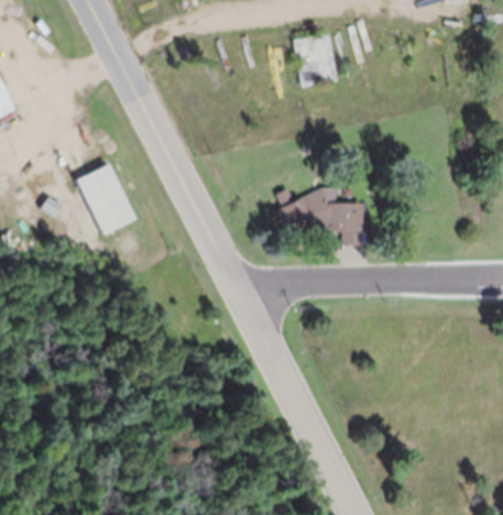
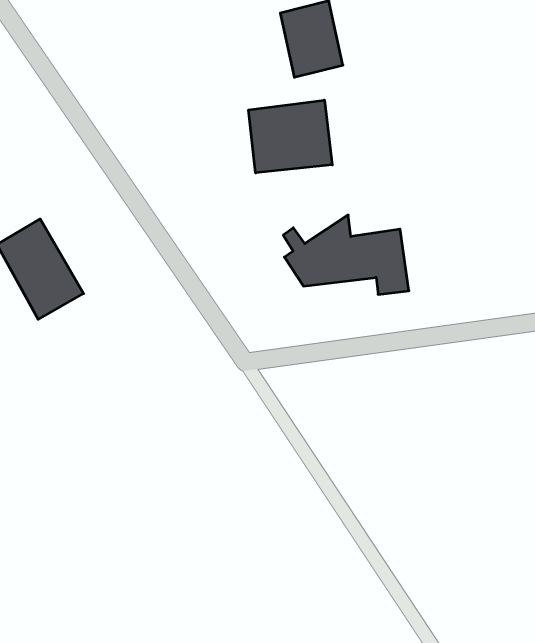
building: none -> [249,100,332,173]

